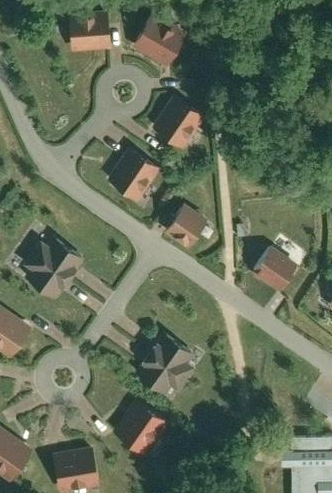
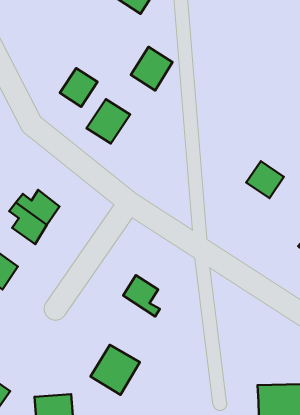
building: none -> [60,68,98,107]
building: [166,206,205,246] -> none
building: [256,250,295,288] -> [246,161,284,198]
building: [135,355,181,390] -> none

